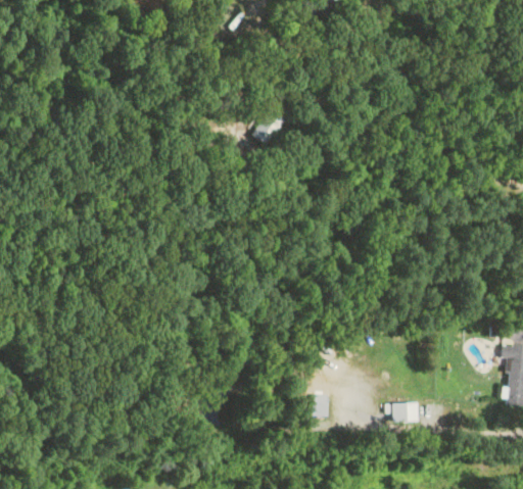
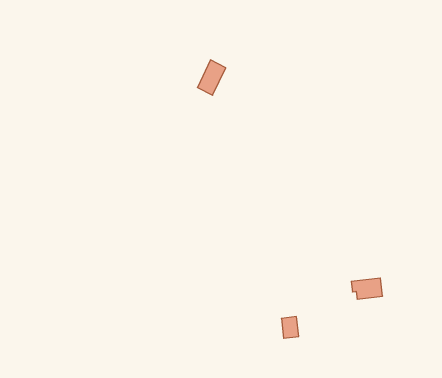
building: [386,402,418,422] -> [351,278,383,299]

